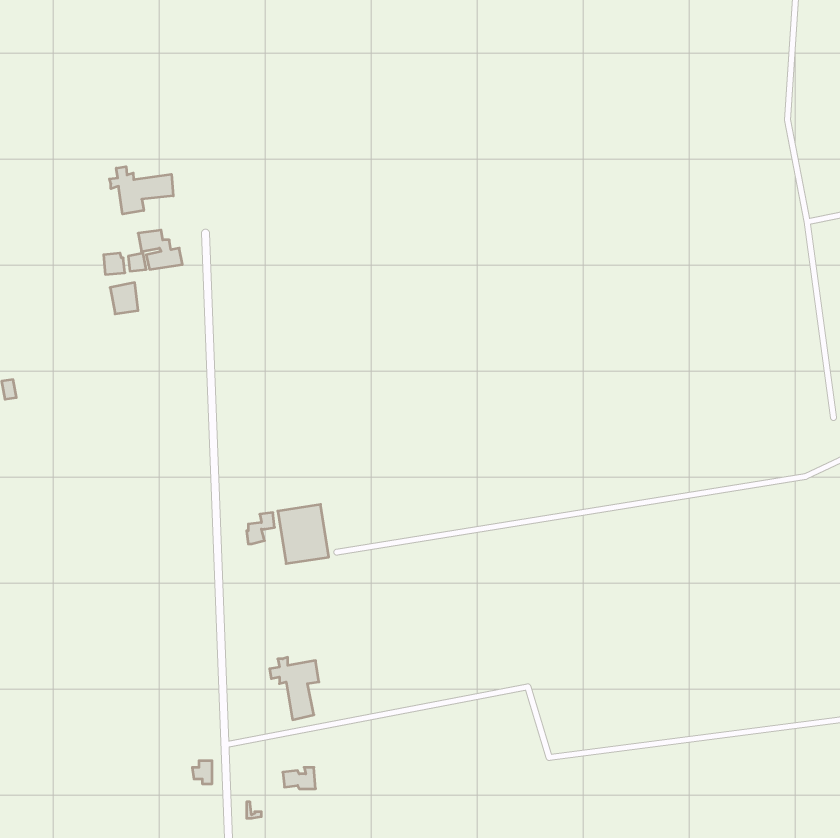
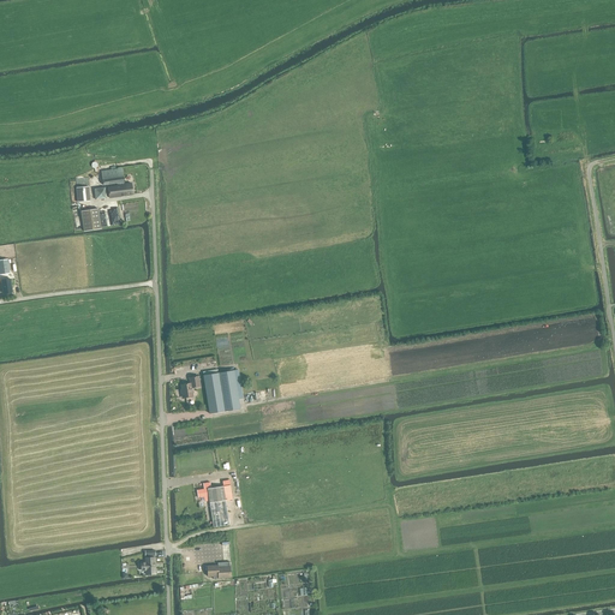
building: [109,167,173,214] -> none

